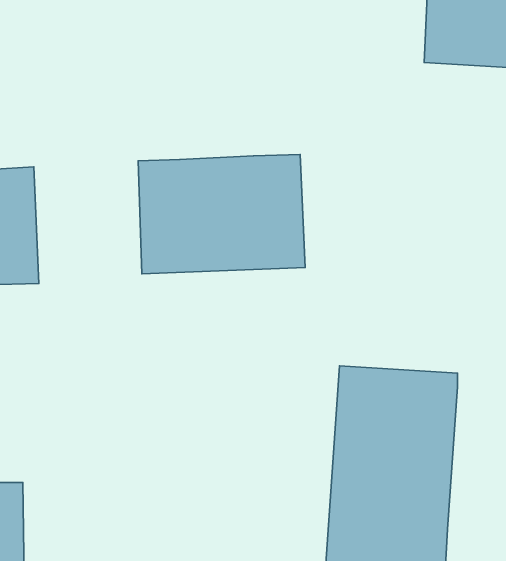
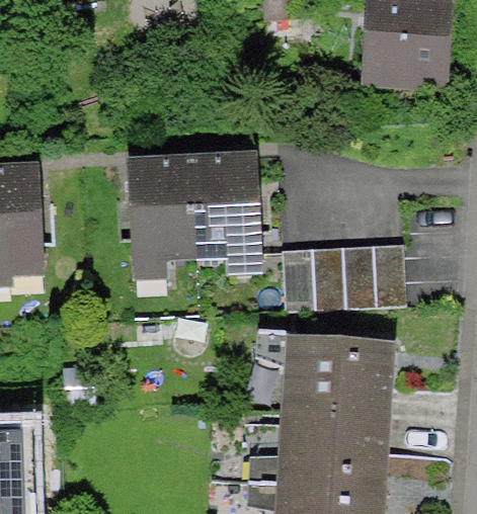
building: none -> [280,243,407,309]

